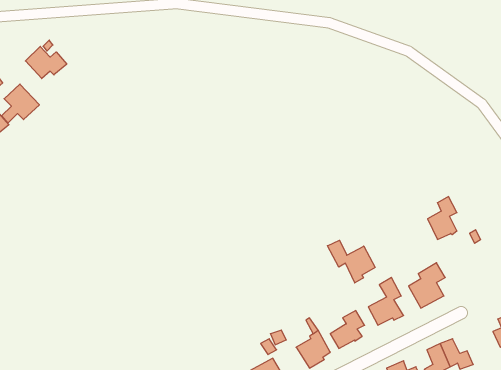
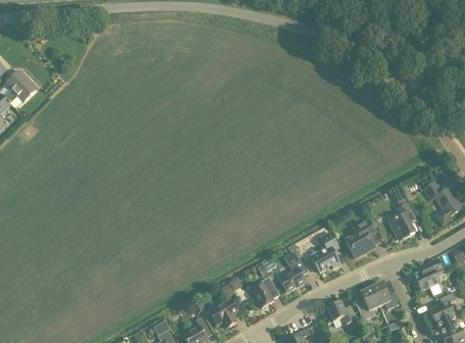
building: [25,46,67,79] -> none
building: [428,197,457,239] -> [389,203,414,239]
building: [327,240,375,283] -> none

